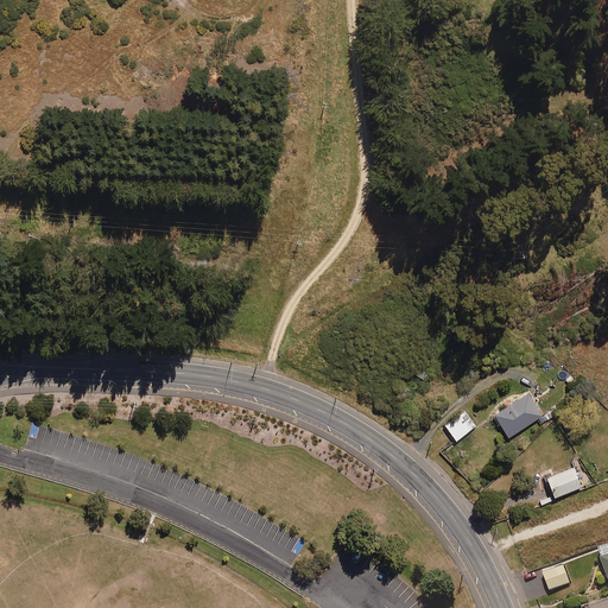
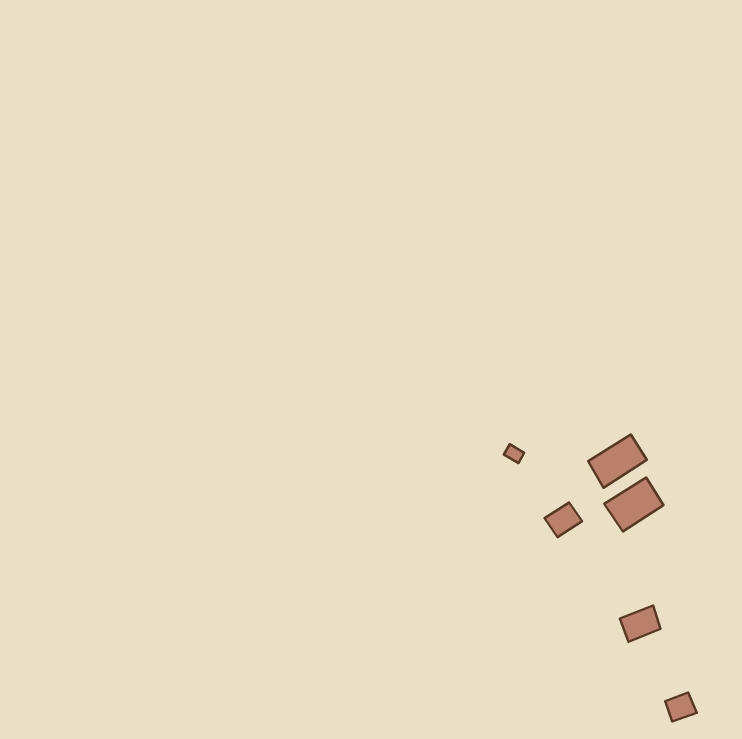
building: none -> [588,435,647,488]
building: [547,468,581,498] -> [620,606,661,642]

